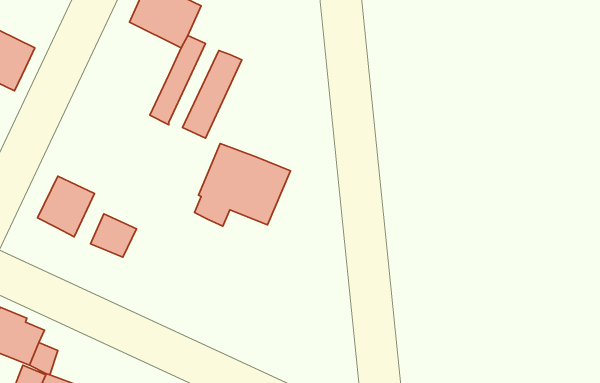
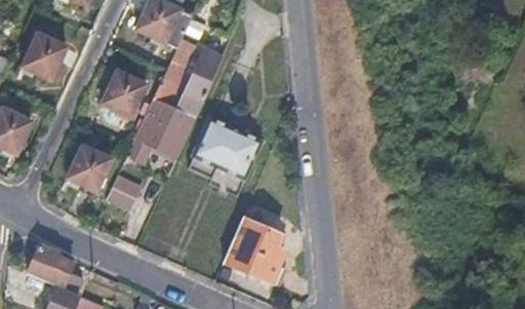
building: none -> [103,71,146,115]
building: none -> [127,99,195,160]
building: none -> [223,218,283,284]

